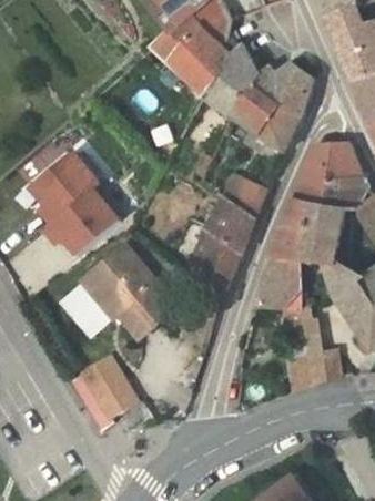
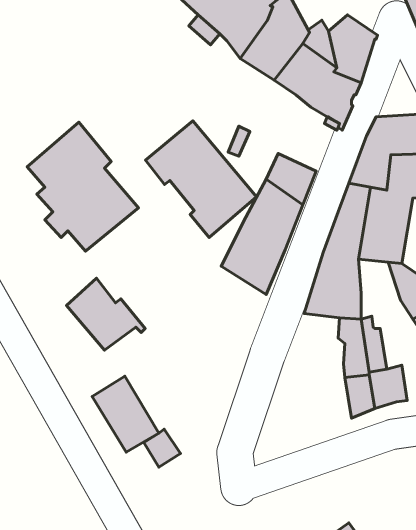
building: [83,245,174,340] -> [145,121,257,238]

